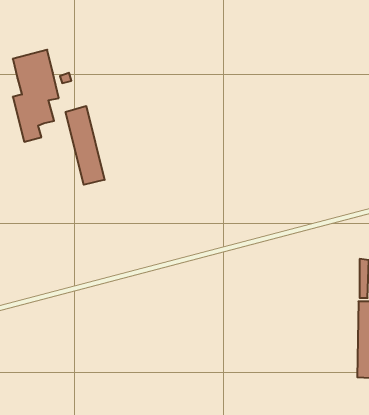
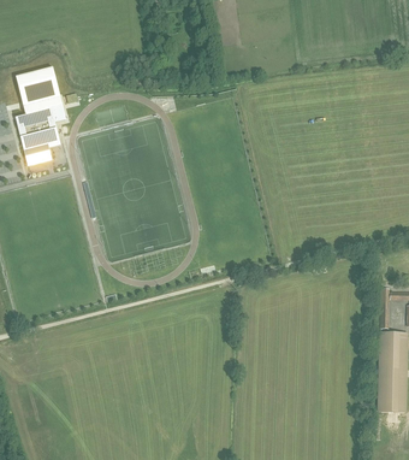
building: [66,106,105,185] -> none

